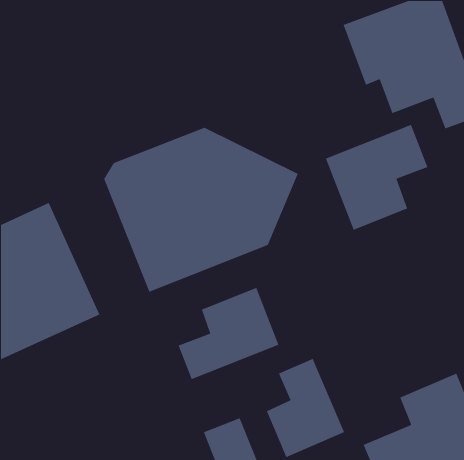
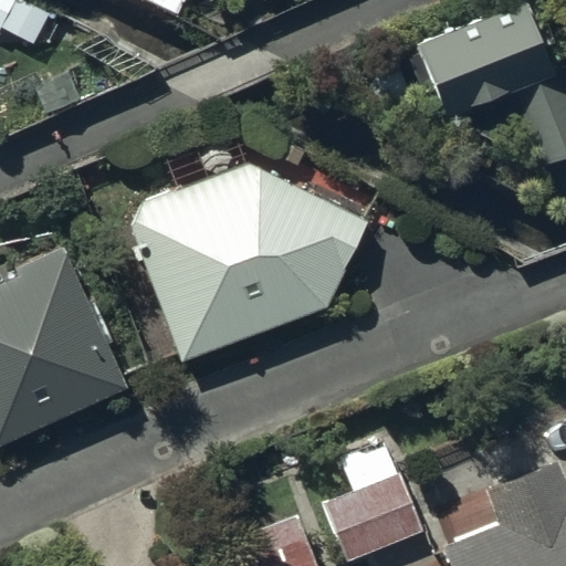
building: [325,124,429,231] -> none
building: [178,287,280,380] -> none

